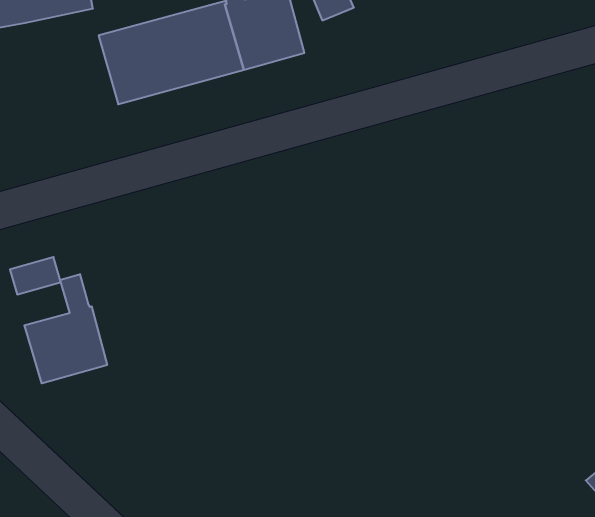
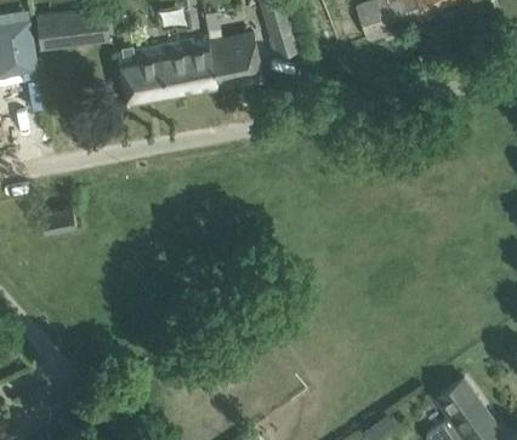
building: [24,274,107,383] -> none

